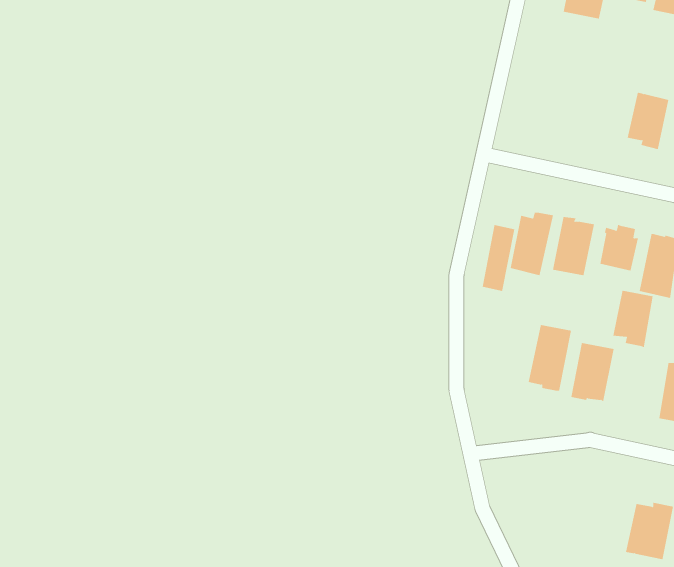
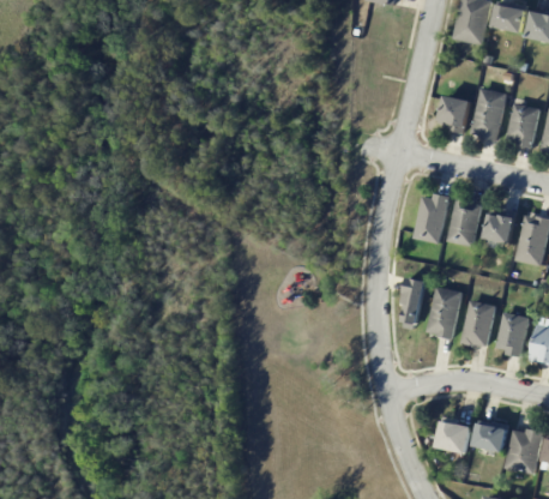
building: none -> [471,89,506,142]
building: none -> [439,96,470,133]
building: [482,225,515,291] -> [397,276,423,329]
building: [613,290,654,348] -> [496,312,529,357]
building: none -> [438,420,472,453]
building: none -> [473,422,508,451]

